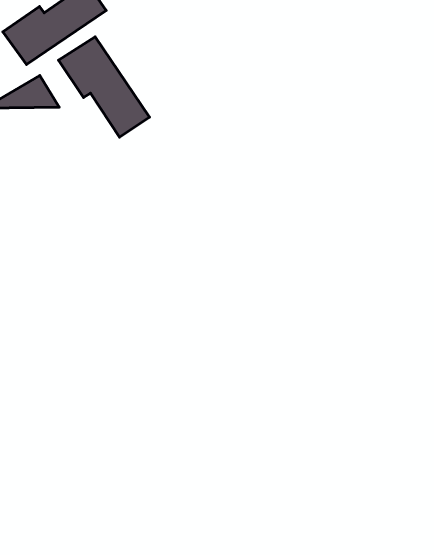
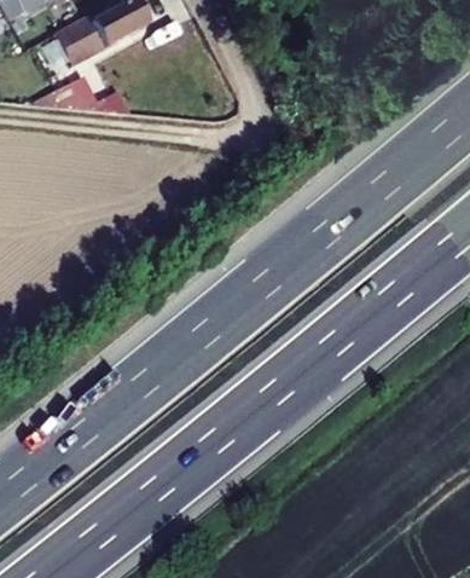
building: [59,37,150,137] -> none

